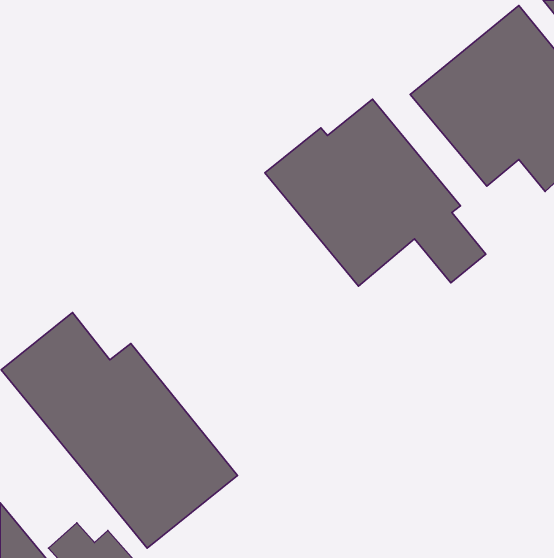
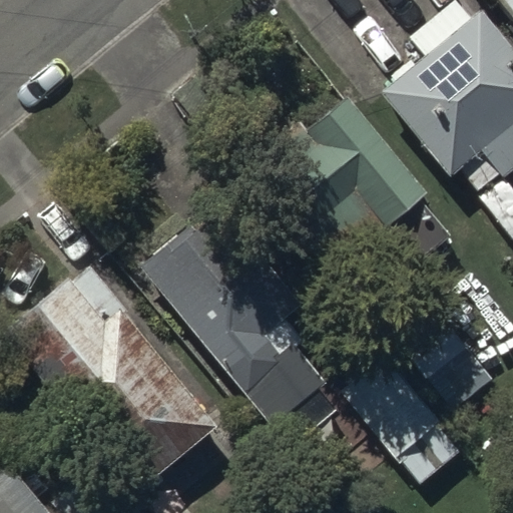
building: none -> [138,200,335,427]
building: none -> [342,355,465,486]

